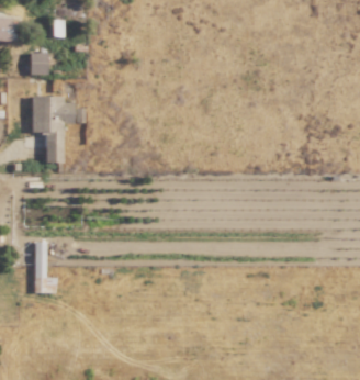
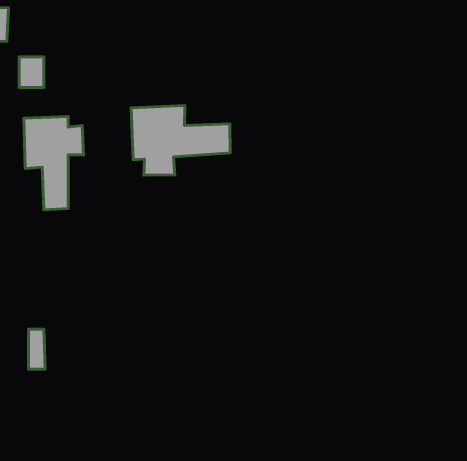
building: none -> [131,106,230,175]

